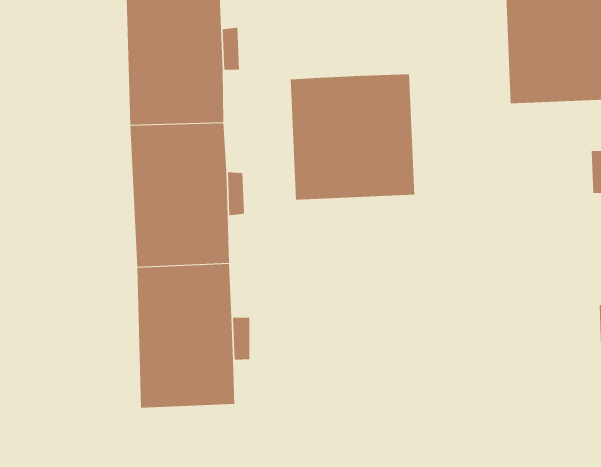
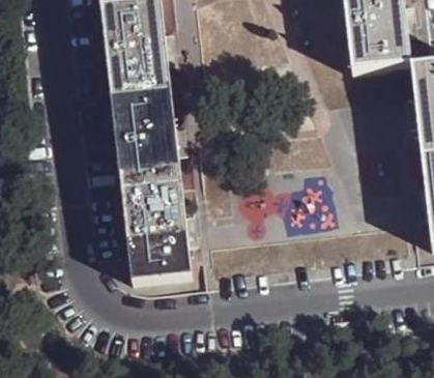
building: [290,74,415,201] -> none

